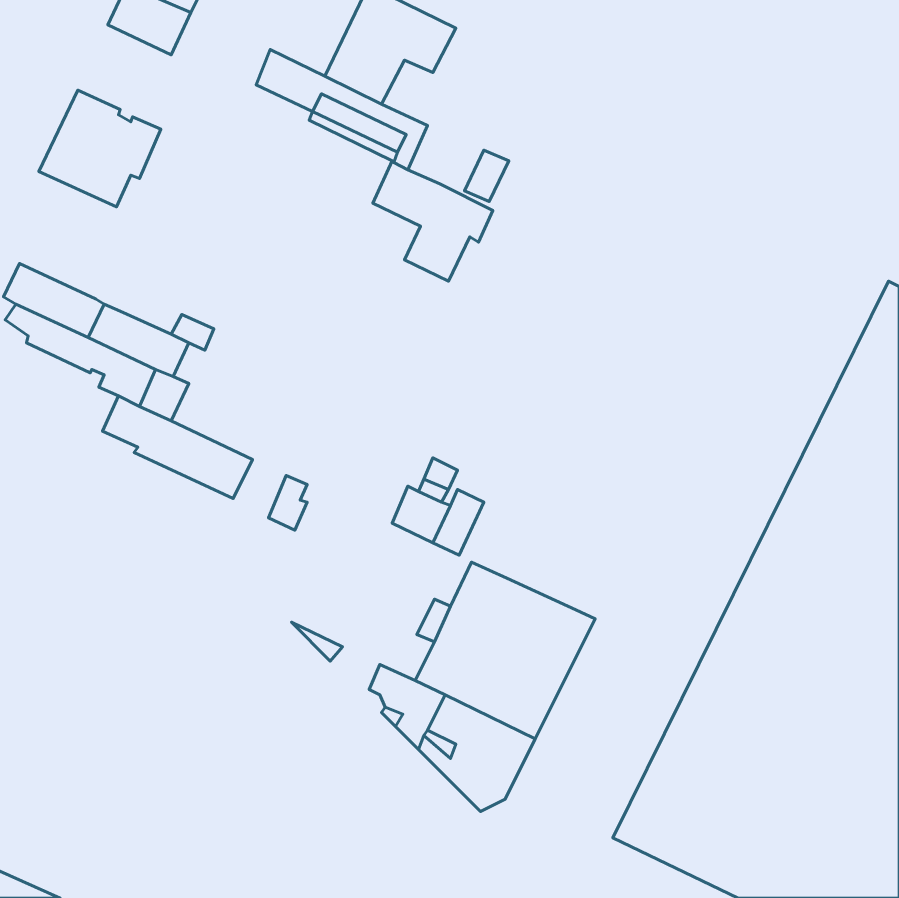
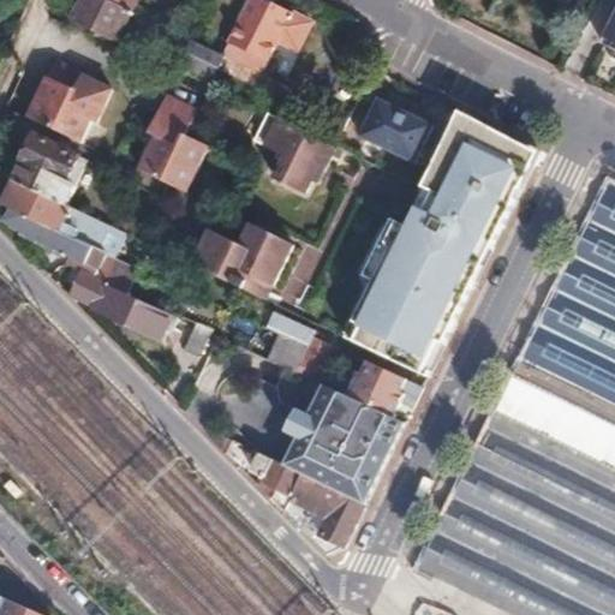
building: none -> [141,97,208,191]
building: none -> [357,100,424,163]
building: none -> [346,111,531,374]
building: none -> [13,132,78,203]
building: none -> [191,221,292,297]
building: none -> [345,359,422,414]

